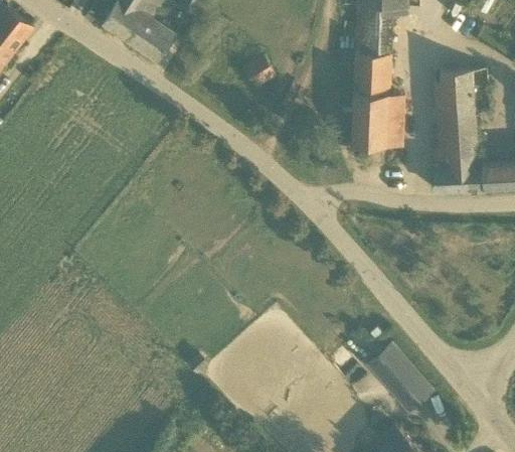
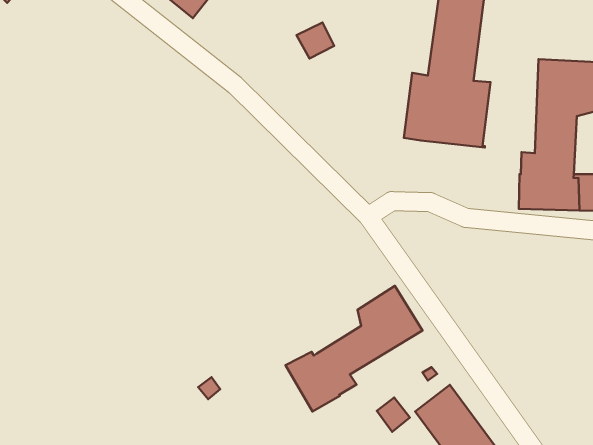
building: none -> [286,286,422,412]

